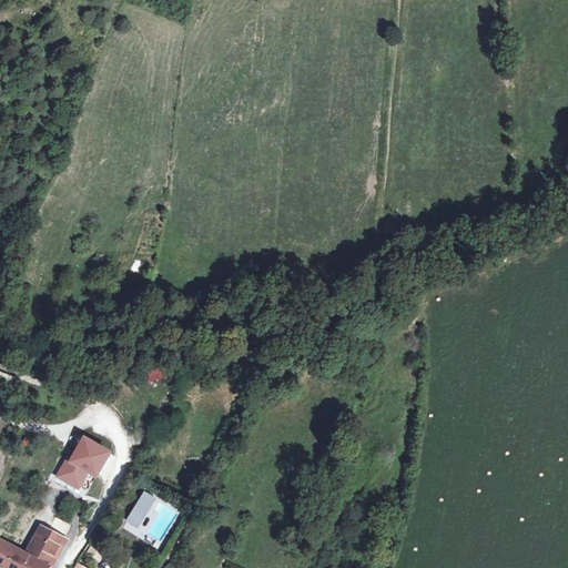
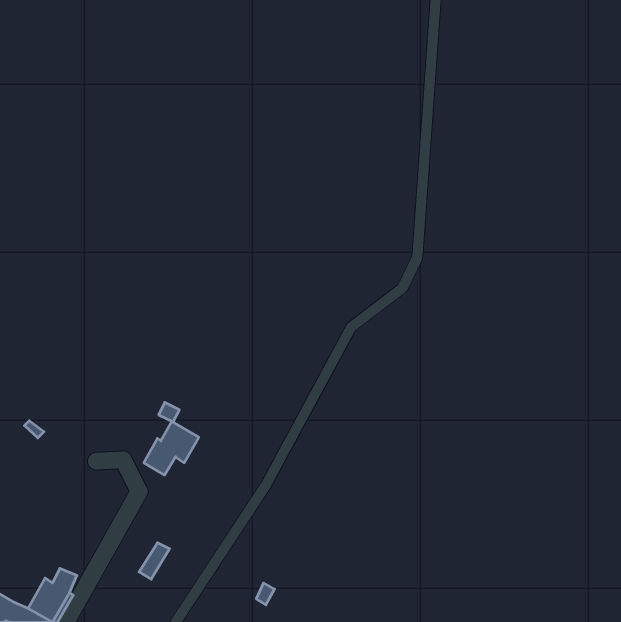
building: [59,438,109,487] -> [144,421,199,475]

